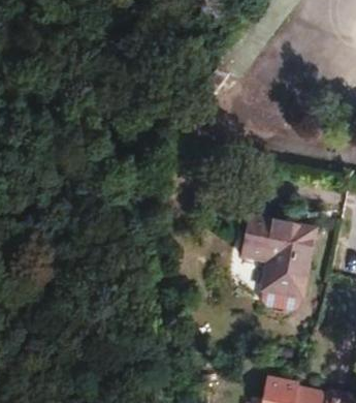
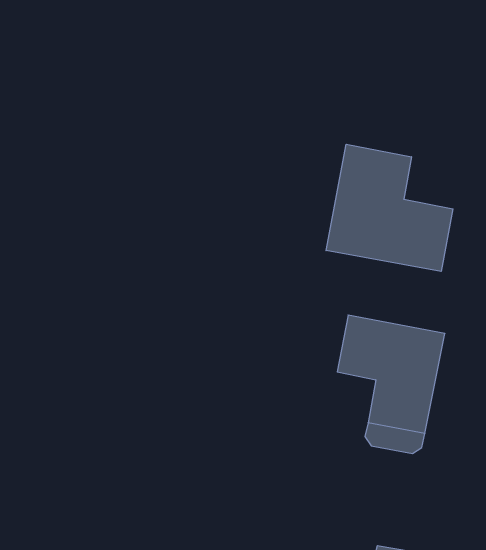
building: none -> [326,144,453,271]

